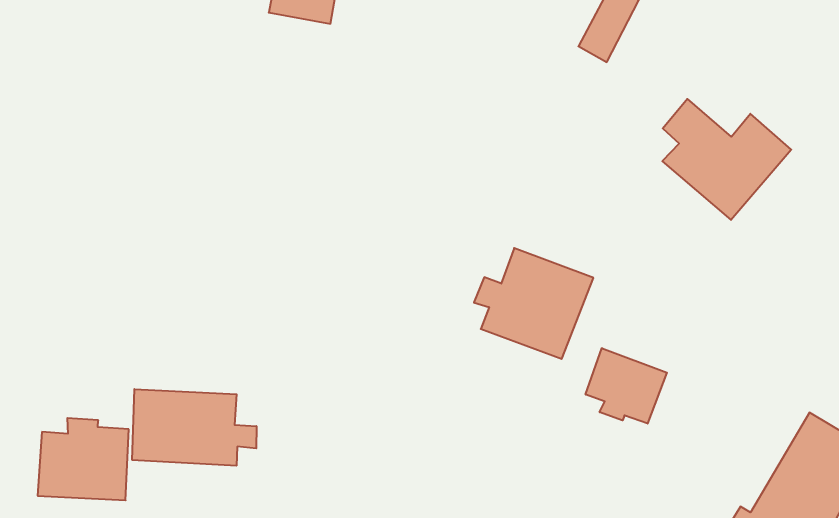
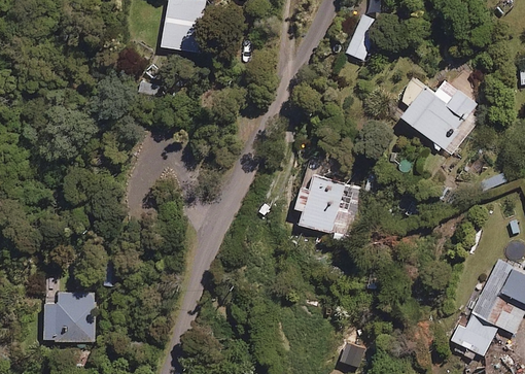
building: [586,348,667,424] -> none
building: [132,389,256,466] -> none

